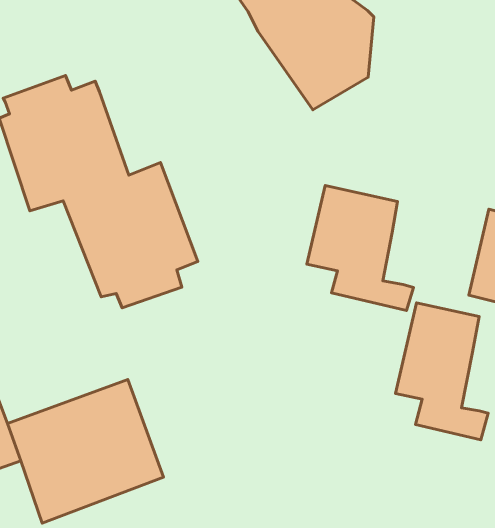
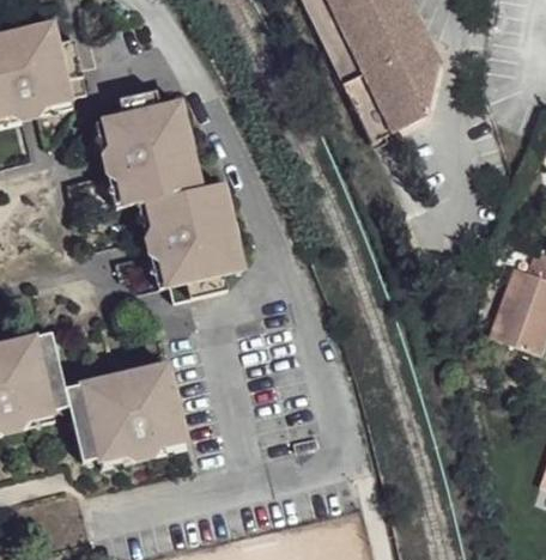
building: [307,185,414,310] -> none
building: [395,303,488,440] -> none

